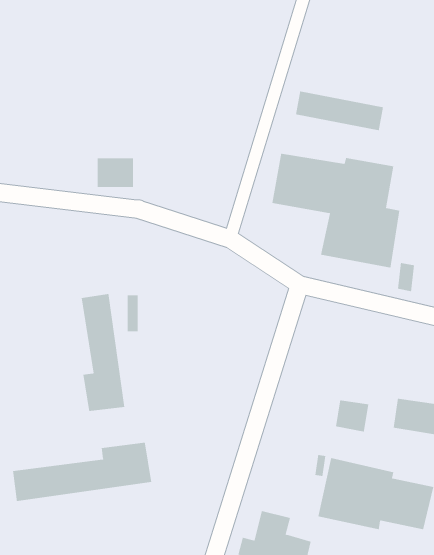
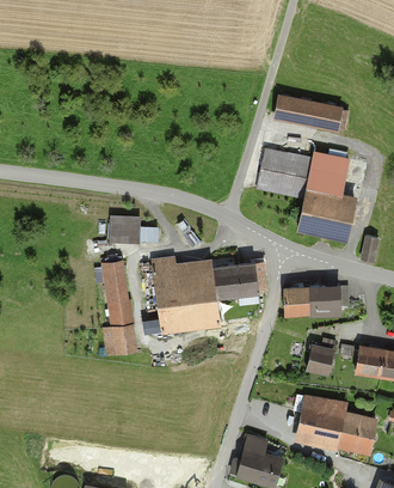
building: [97,158,134,187] -> [110,215,140,239]
building: none -> [153,258,263,333]
building: none -> [281,287,345,317]
building: [13,442,152,502] -> none

